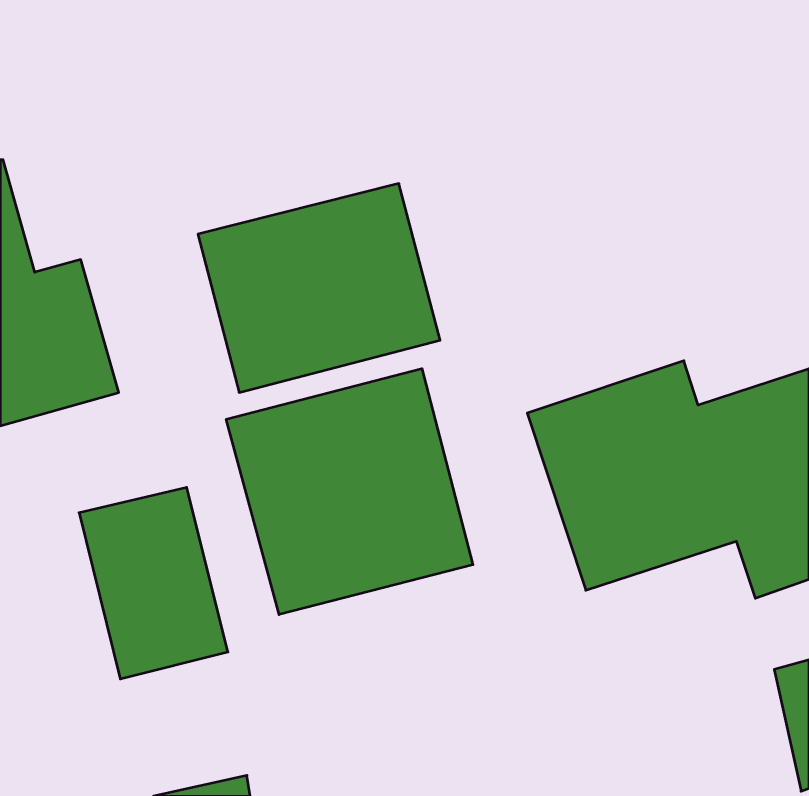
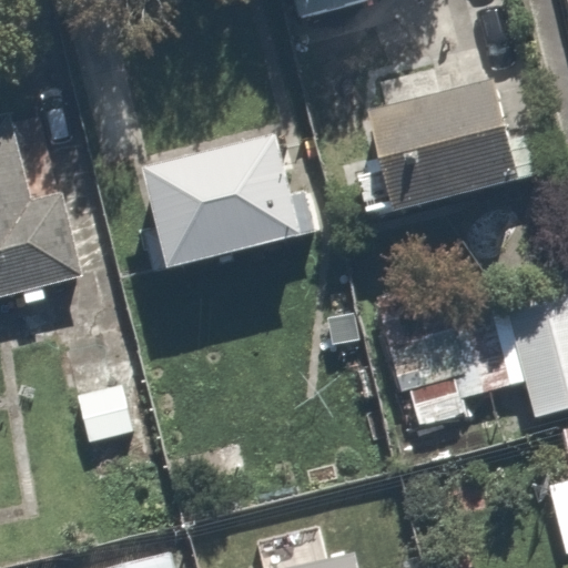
building: none -> [368,80,519,217]
building: [226,369,473,615] -> none

